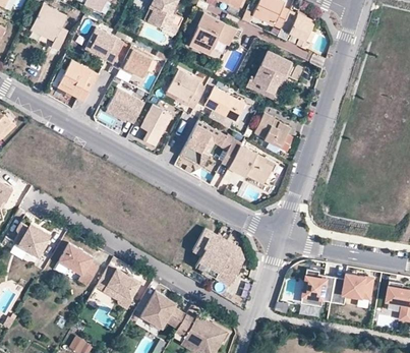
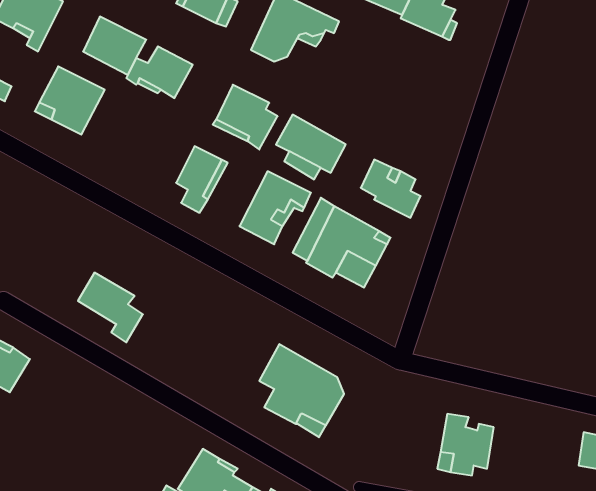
building: [253,52,301,94] -> none
building: [105,87,143,123] -> none
building: [60,244,100,287] -> [78,273,143,342]
building: [98,270,141,300] -> none
building: [332,276,374,306] -> none

